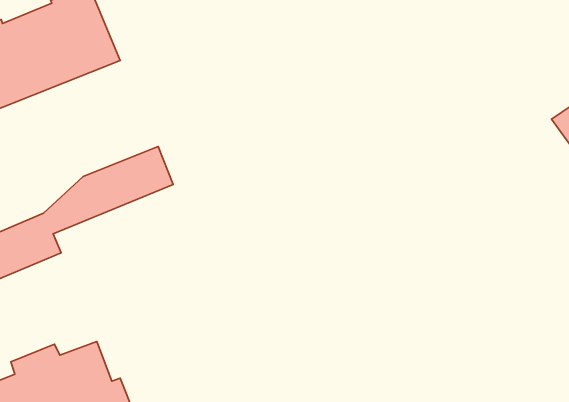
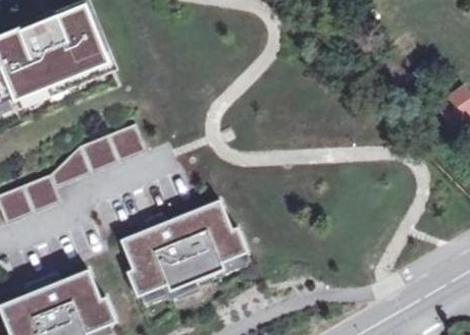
building: none -> [119,202,249,304]

